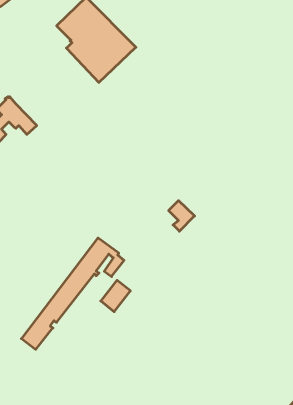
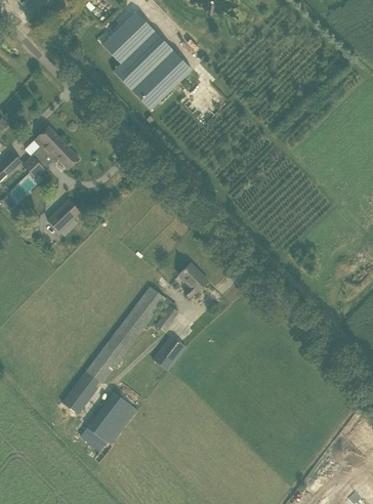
building: none -> [46,198,80,232]
building: [169,201,195,231] -> [178,262,208,297]
building: none -> [74,390,137,462]

